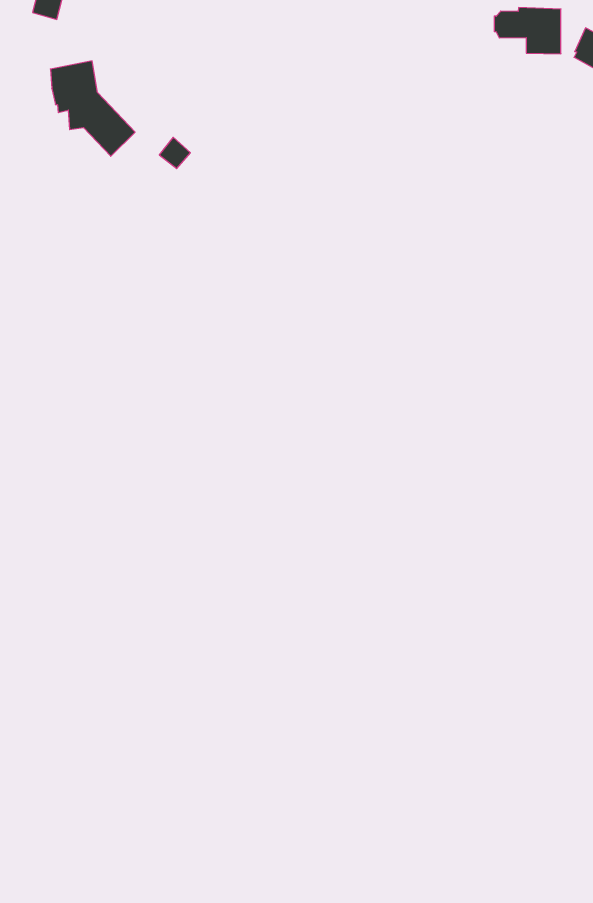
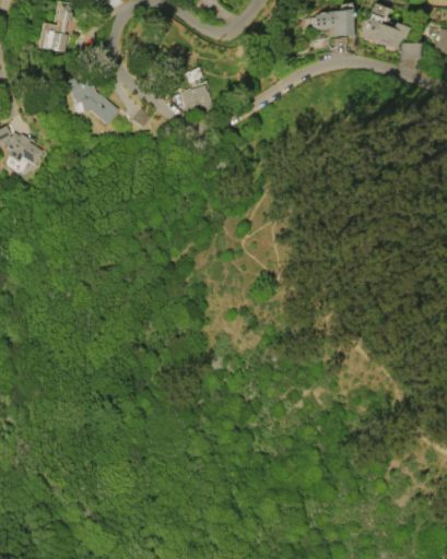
building: none -> [179,85,214,111]

